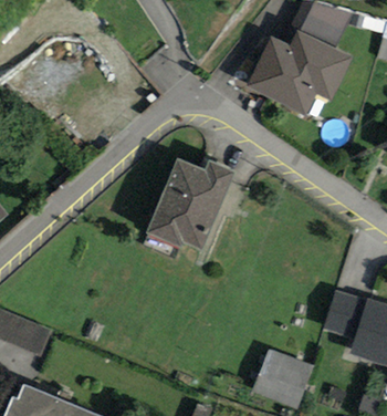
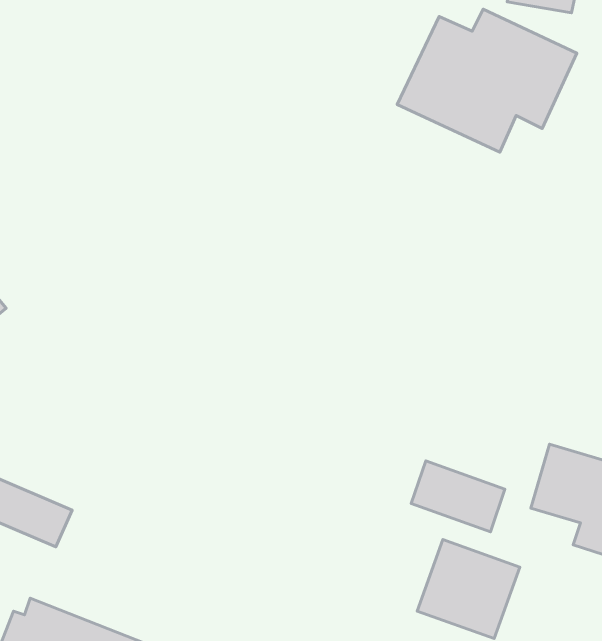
building: [145,156,236,247] -> none
building: none -> [411,461,505,532]

